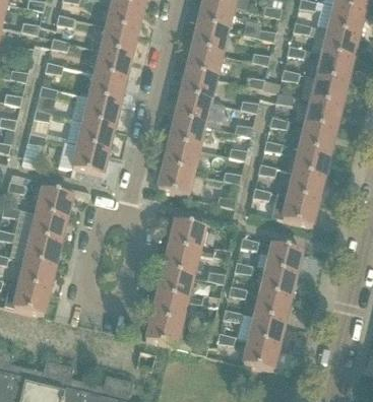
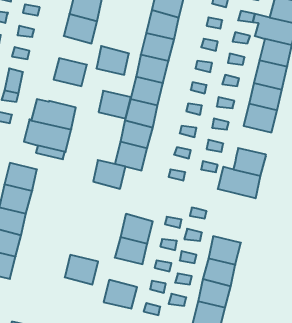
building: [96,50,131,81] -> [96,46,129,75]
building: [84,97,120,128] -> [99,91,131,119]
building: [292,148,328,180] -> none
building: [169,221,204,253] -> [93,160,126,189]
building: [255,245,301,276] -> none
building: [150,292,187,325] -> [65,255,98,285]

